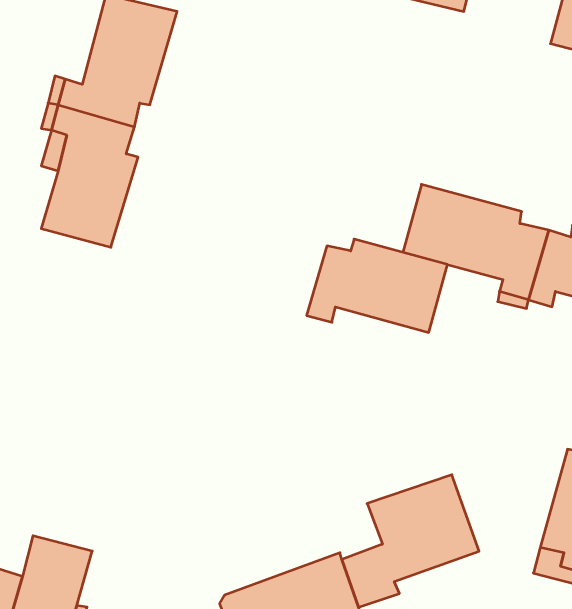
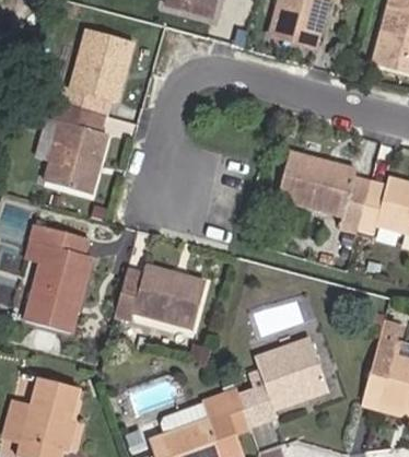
building: [307,239,447,332] -> [114,266,204,326]
building: none -> [26,225,91,332]

